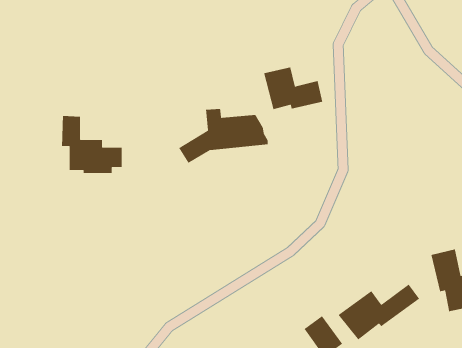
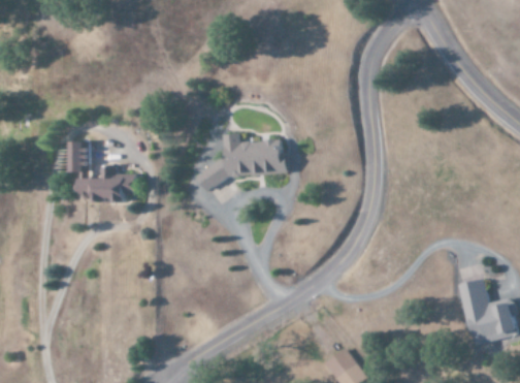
building: [263,67,323,110] -> none
building: [338,283,420,340] -> none

